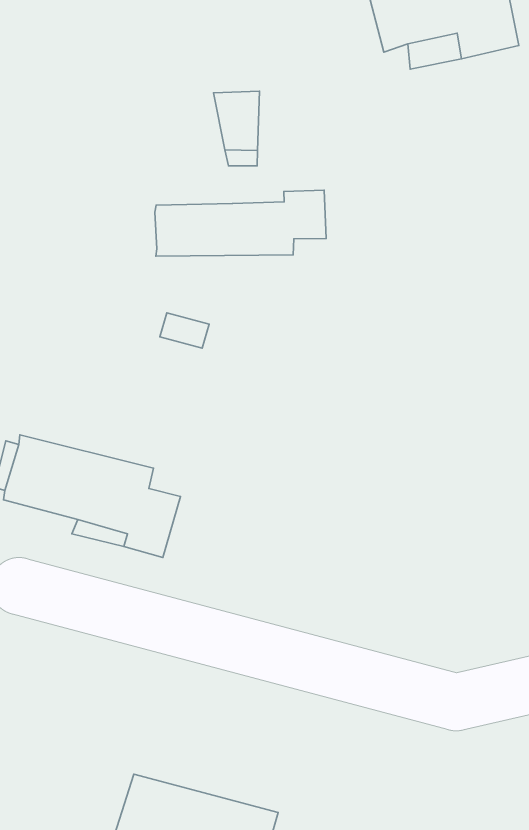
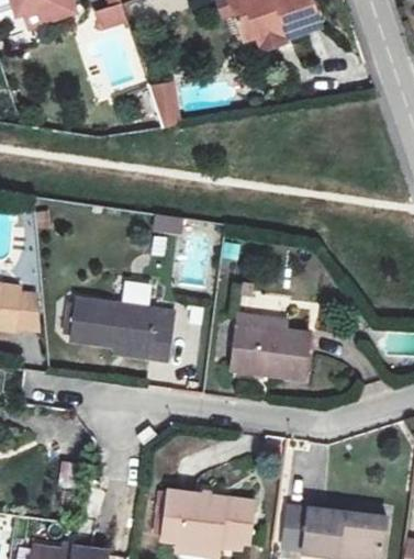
building: [155,190,326,256] -> none
building: none -> [227,322,303,376]

